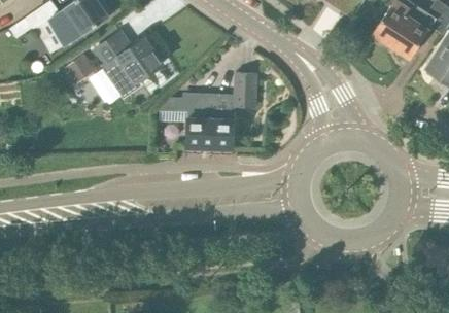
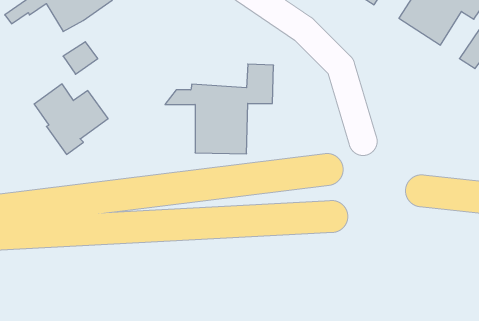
building: [95,31,163,96] -> [34,84,108,154]

